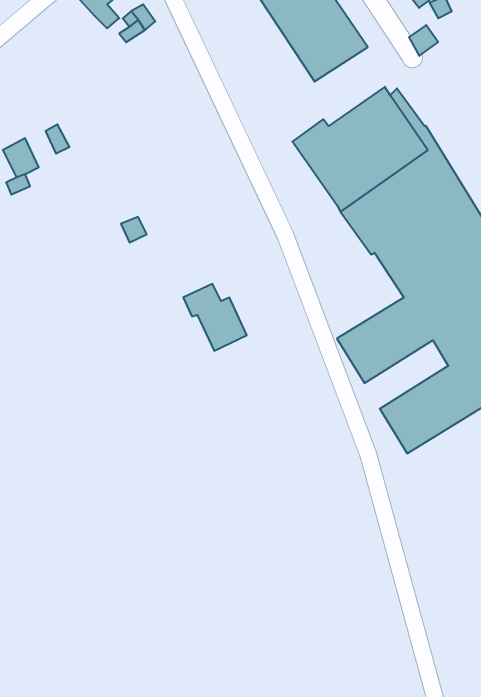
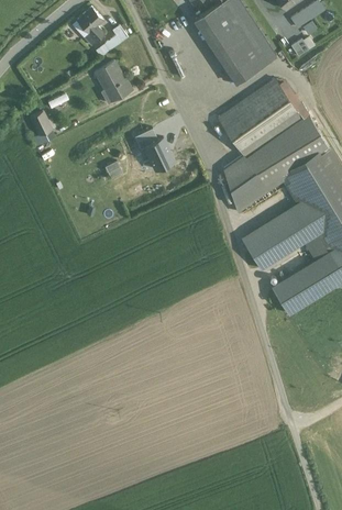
building: none -> [96,62,134,100]
building: none -> [224,155,267,208]
building: [183,284,247,351] -> [135,129,176,171]

